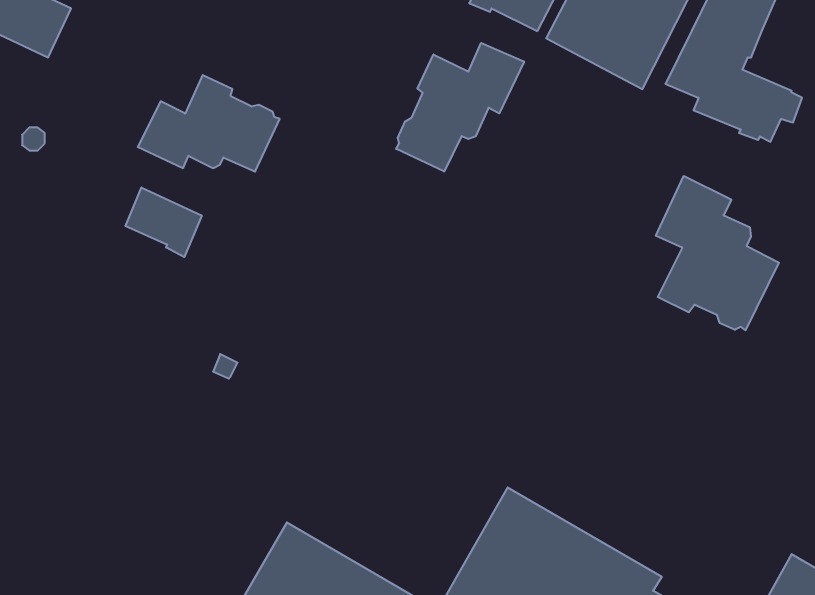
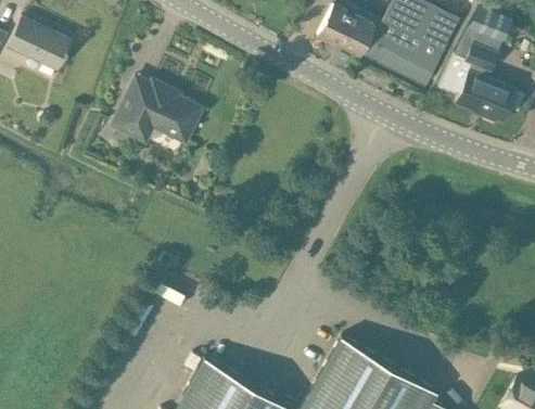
building: [396,43,524,172] -> none
building: [656,176,779,330] -> none
building: [125,187,202,257] -> none

